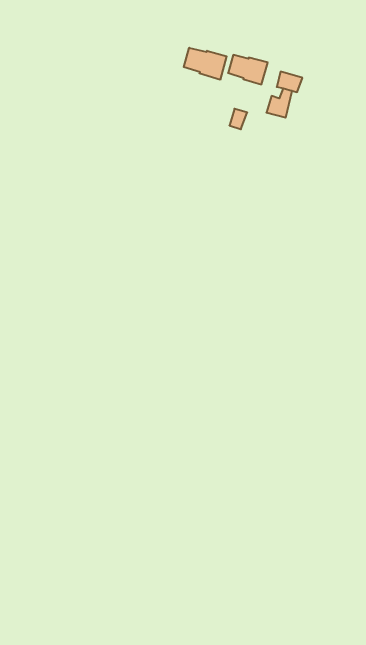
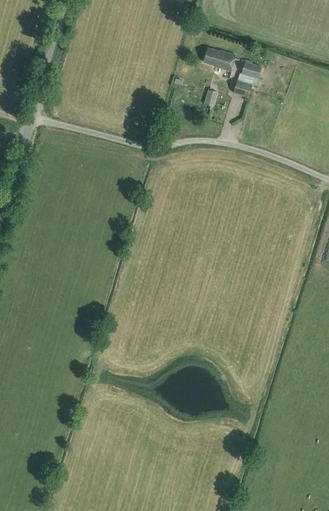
building: [184,48,227,80] -> none

